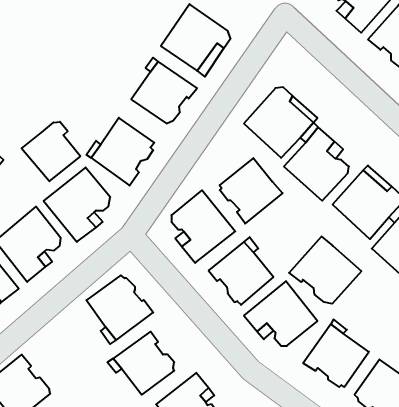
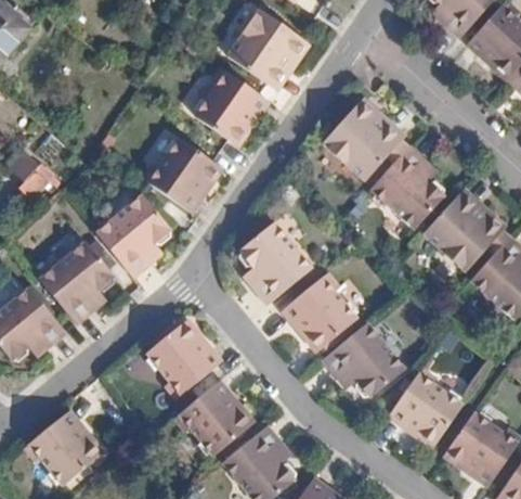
building: [22,122,80,181] -> none
building: [220,158,283,224] -> none
building: [289,236,361,304] -> none

